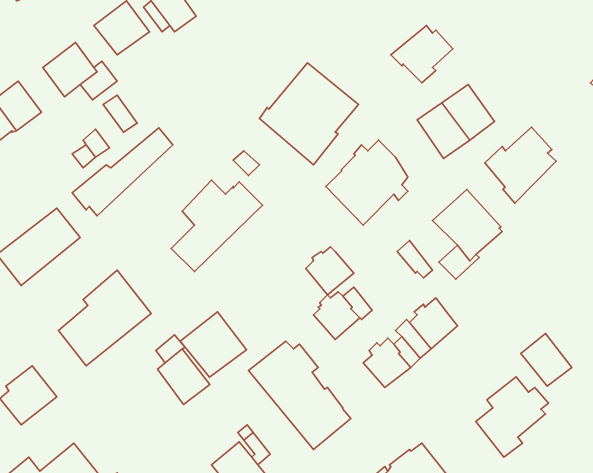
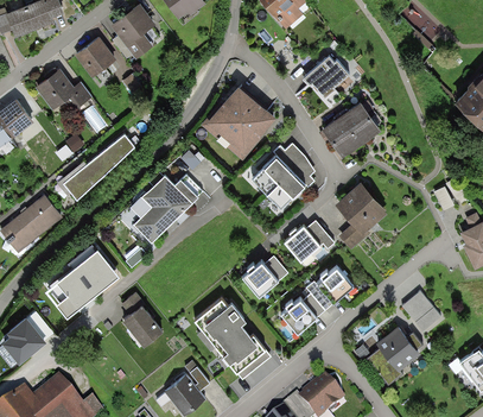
building: [485,127,556,203] -> none
building: [306,247,354,295] -> [284,225,320,261]
building: [180,312,246,377] -> none

